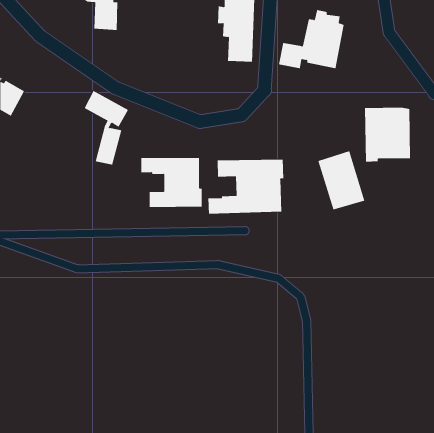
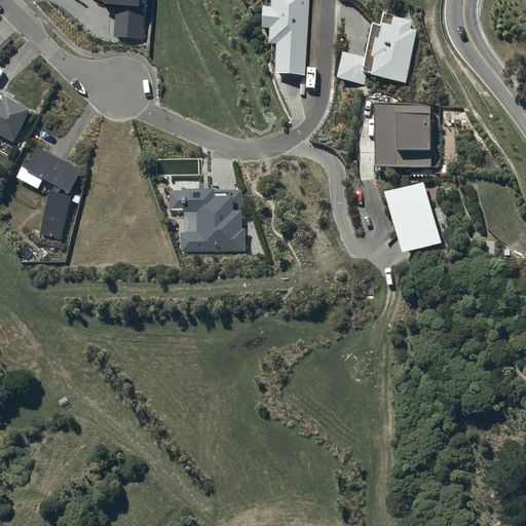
building: [84,90,129,165] -> [27,148,81,238]
building: [364,107,411,162] -> [374,104,430,171]
building: [208,159,284,215] -> none

